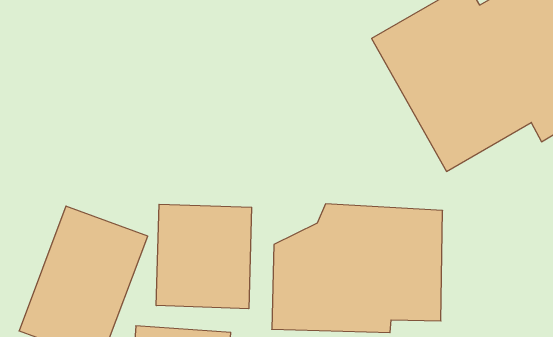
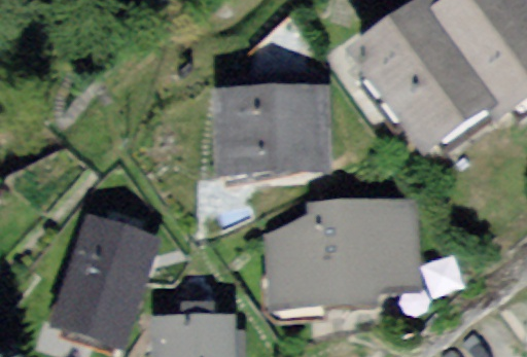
building: none -> [216,85,333,173]
building: [156,204,252,309] -> none

